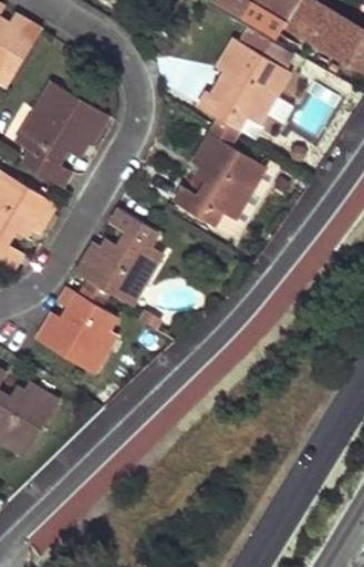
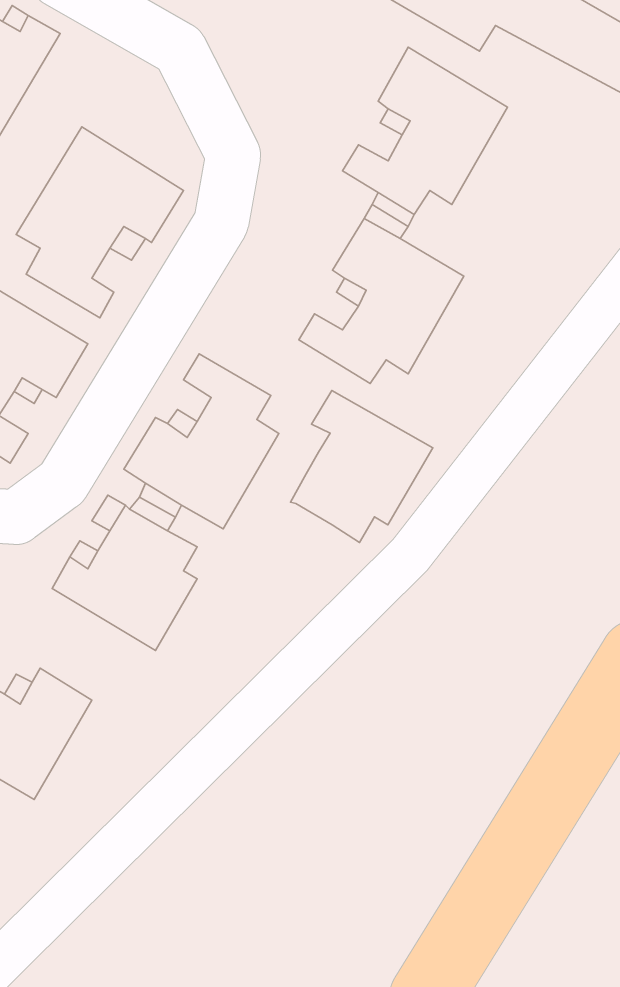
building: none -> [291,390,433,543]

